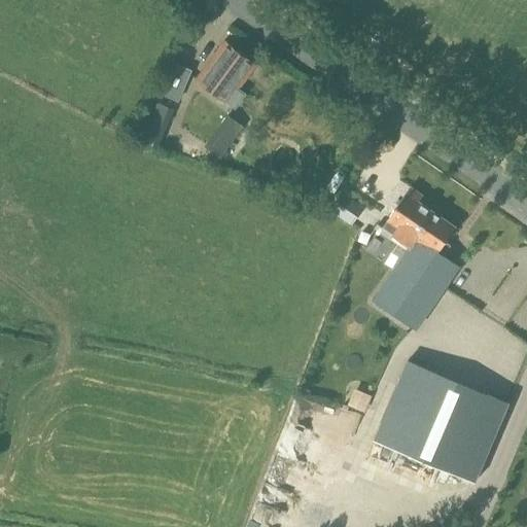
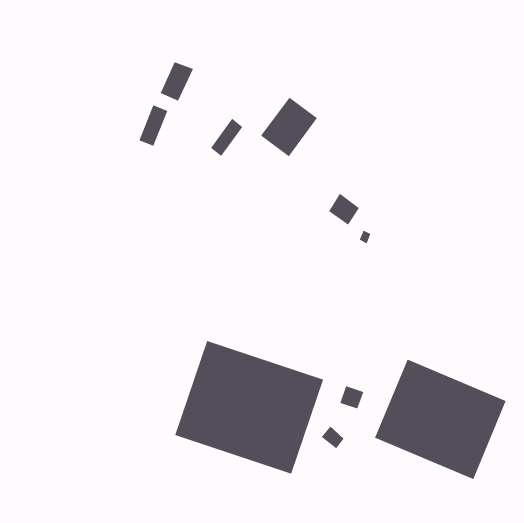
building: [198,43,255,104] -> [260,97,318,157]
building: [374,188,458,330] -> none
building: none -> [175,340,324,474]

